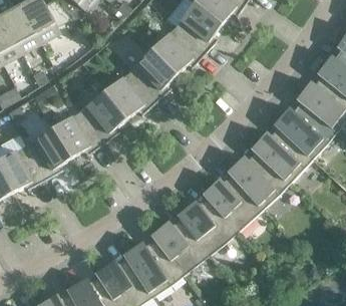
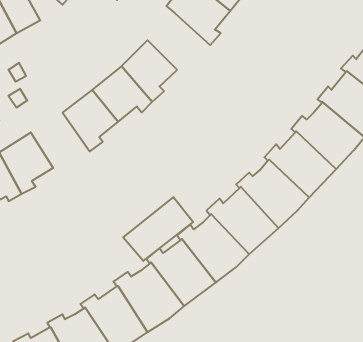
building: [151,25,205,73] -> none
building: [52,109,102,157] -> none
building: none -> [123,197,193,261]

